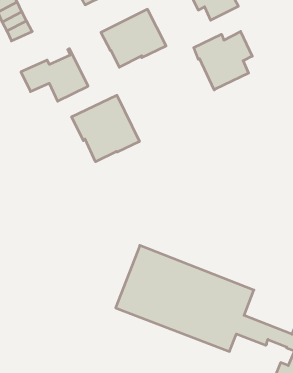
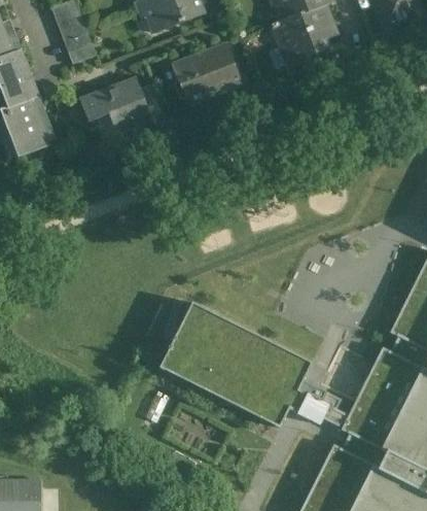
building: [194,31,252,90] -> none
building: [72,95,139,162] -> none

